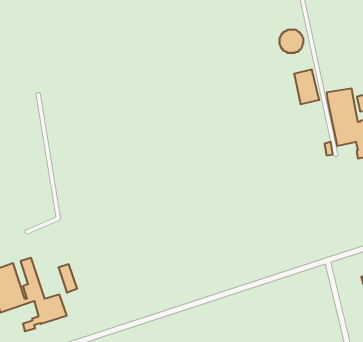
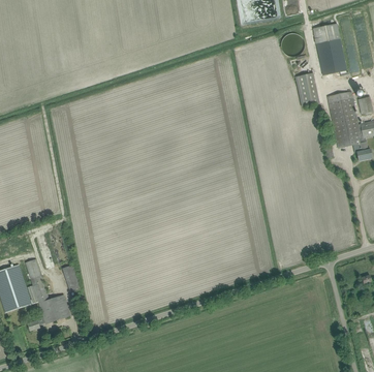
building: none -> [313,23,347,75]

